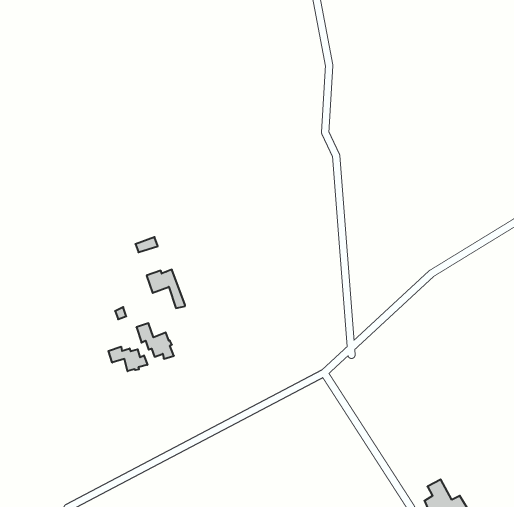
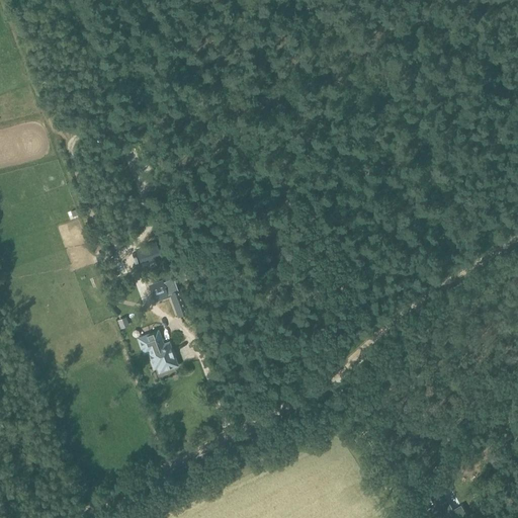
building: [108,347,147,371] -> none

